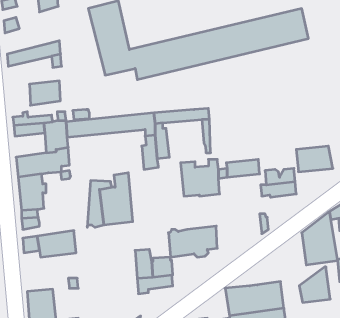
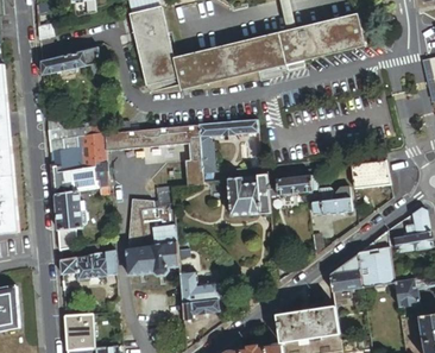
building: [29,81,60,105] -> [50,146,83,172]
building: [168,226,217,257] -> [125,241,177,275]
building: [299,267,330,302] -> [328,253,361,291]

